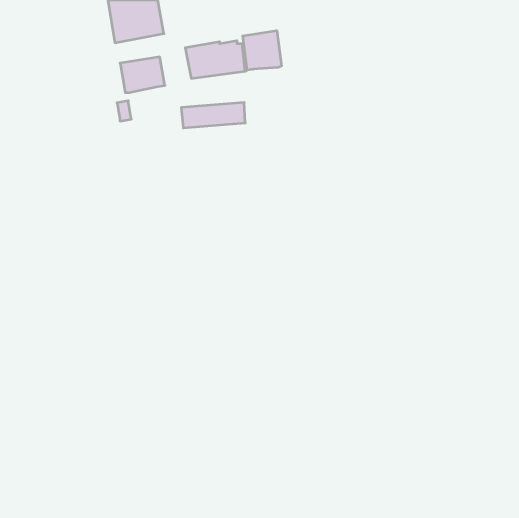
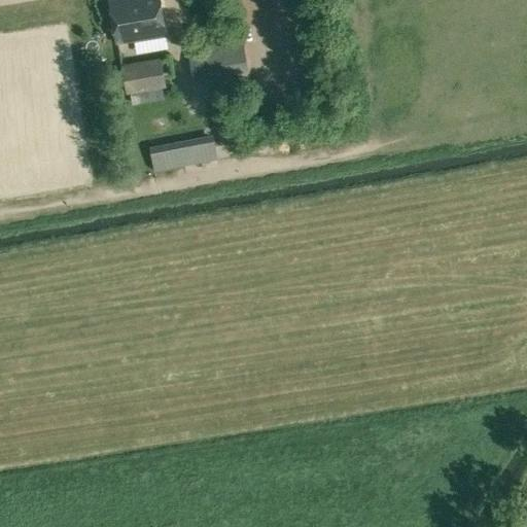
building: [243,31,281,70] -> none
building: [181,103,245,128] -> [149,139,214,165]

